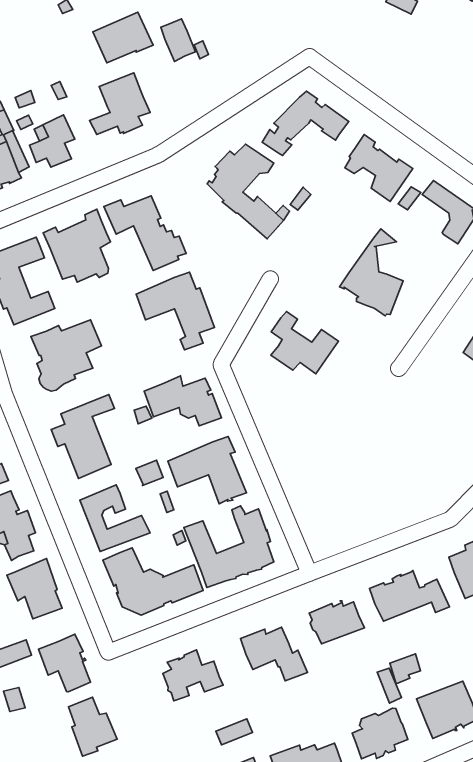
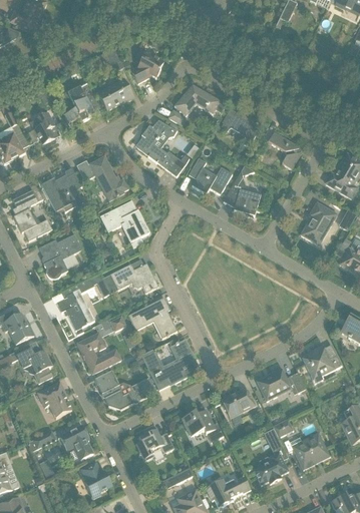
building: [93,12,153,63] -> [96,77,133,109]
building: none -> [130,52,163,82]
building: [271,312,339,374] -> [190,157,231,193]

